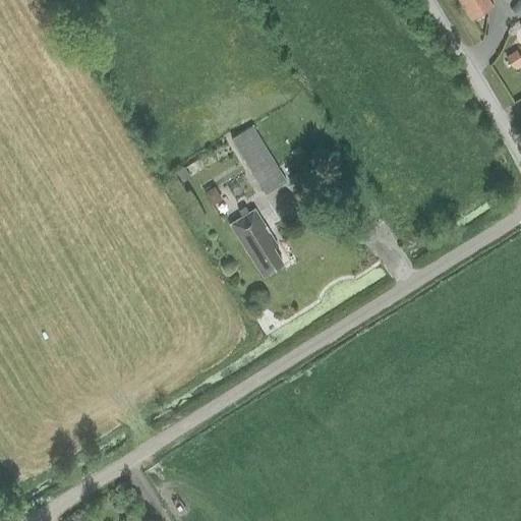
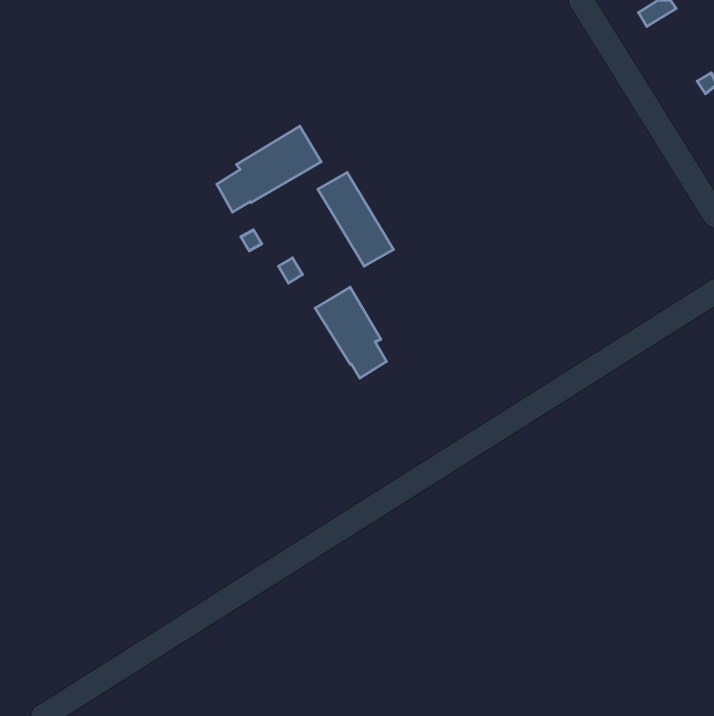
building: none -> [217,126,321,212]

